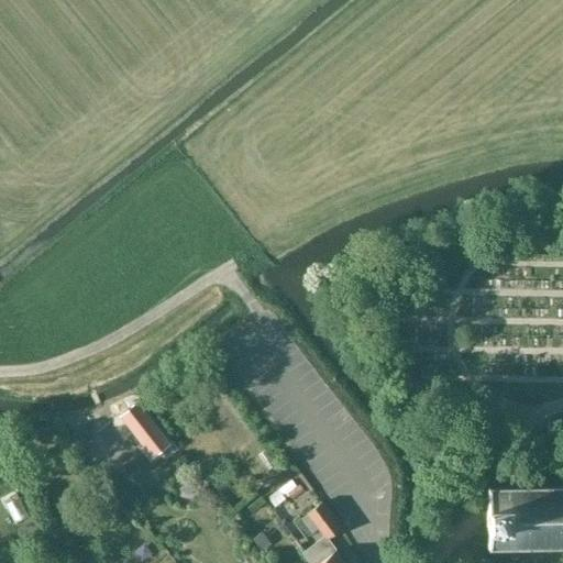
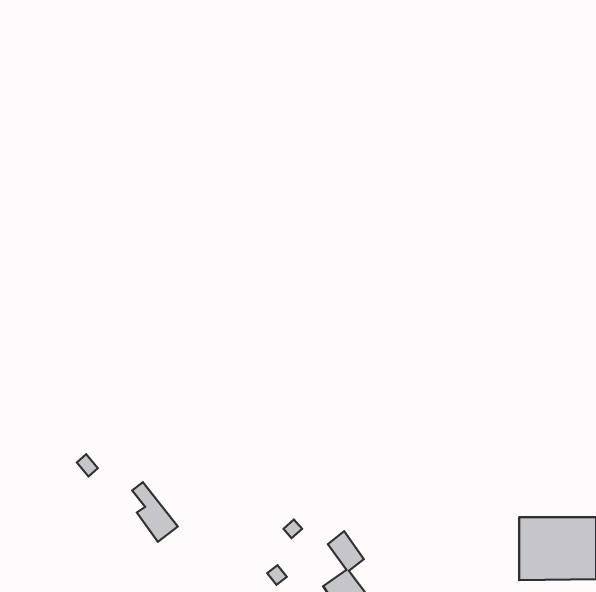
building: [128,407,170,463] -> [132,482,178,542]

